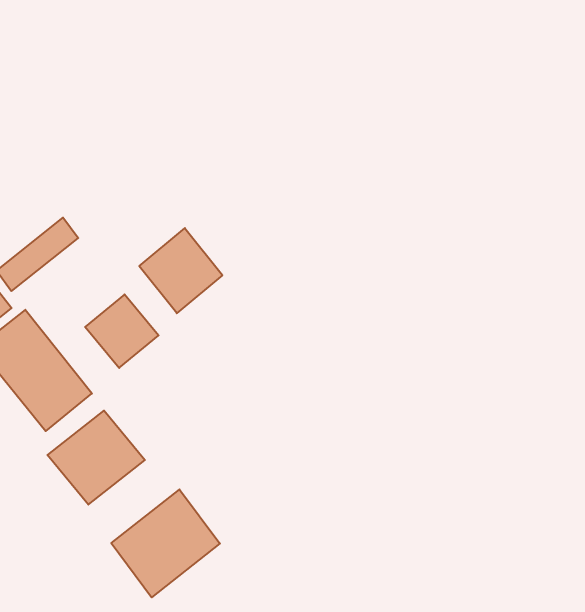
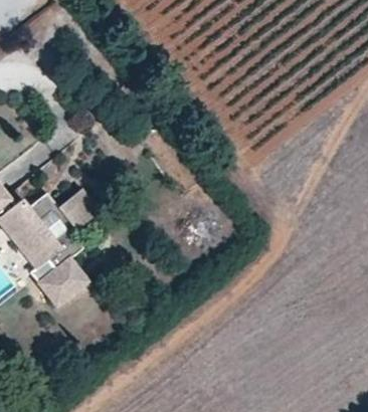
building: [139,228,222,313] -> none
building: [111,489,220,597] -> none

